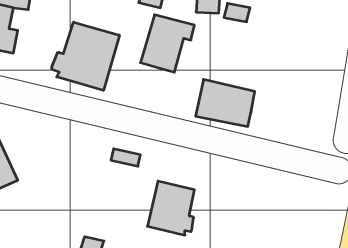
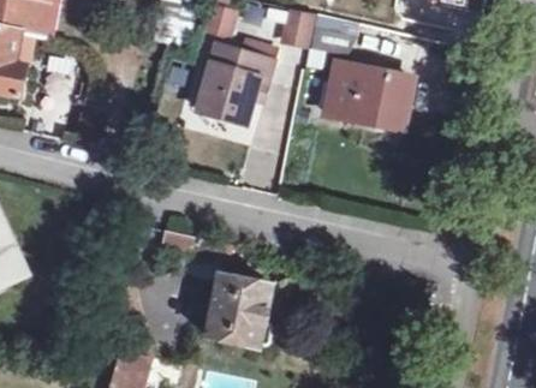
building: [52,22,119,90] -> none
building: [196,79,255,126] -> [327,65,409,130]

